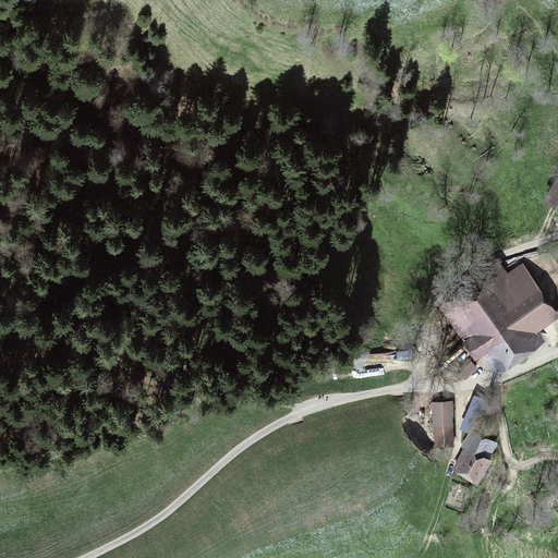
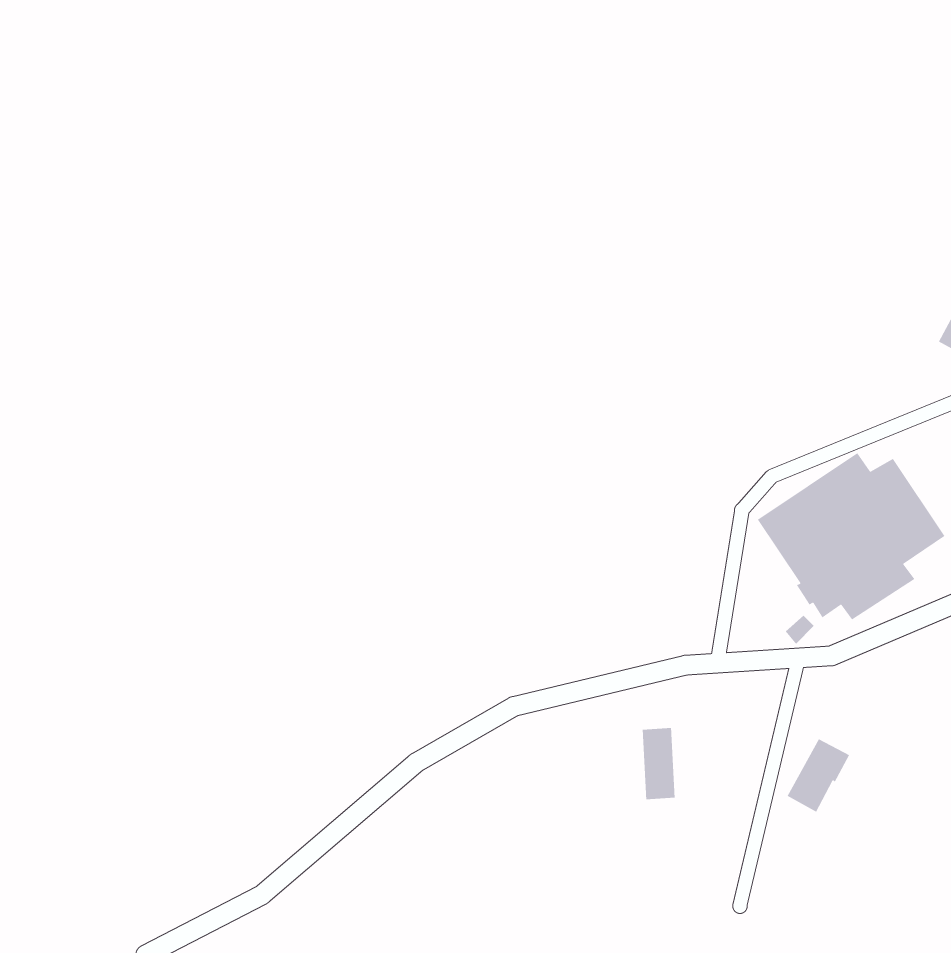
building: [435,402,454,445] -> [642,727,675,800]

